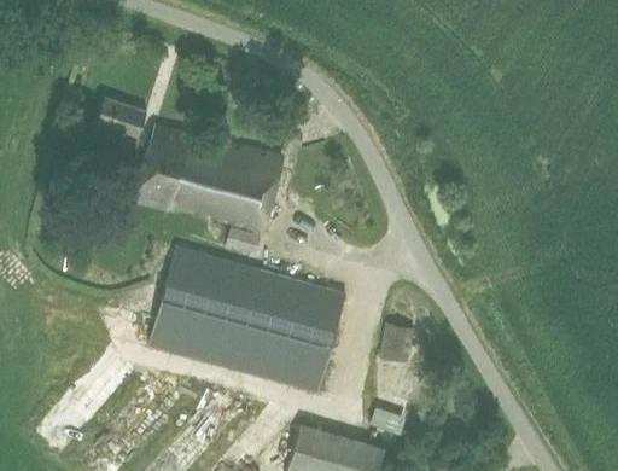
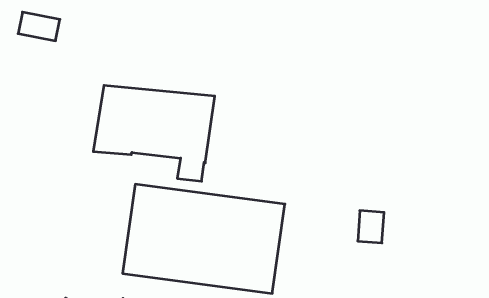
building: [98,99,148,138] -> [18,12,60,41]
building: [380,324,415,365] -> [358,211,384,243]

